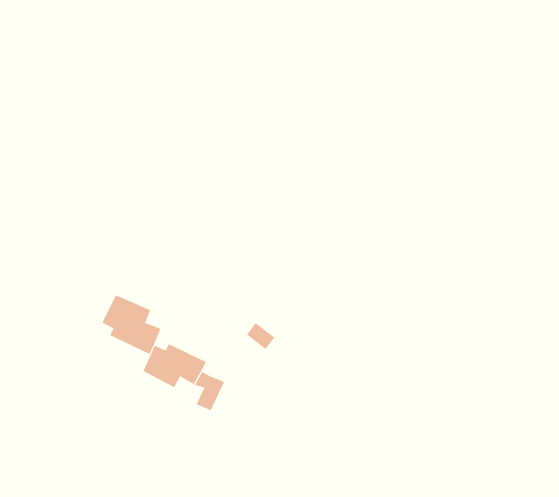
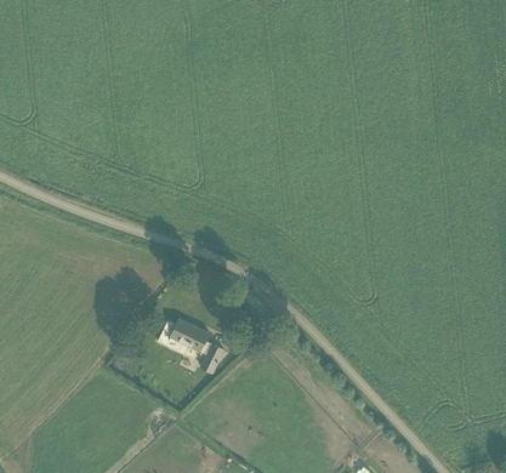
building: [102,294,161,355] -> none

